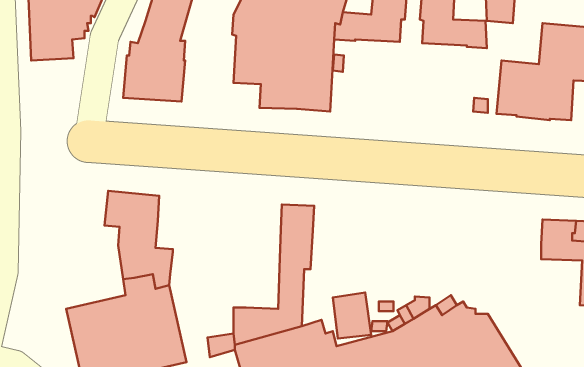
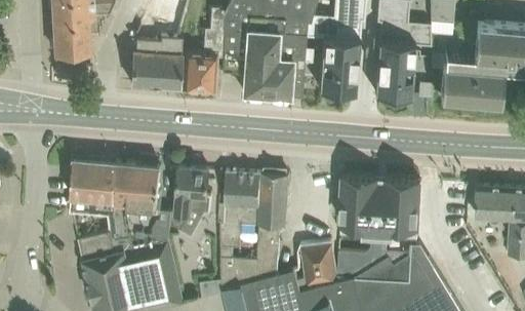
building: none -> [185,21,220,91]
building: none -> [319,38,359,92]
building: none -> [374,41,414,95]
building: none -> [71,160,132,261]
building: none -> [169,168,211,239]
building: none -> [220,172,260,260]
building: none -> [340,178,420,239]

